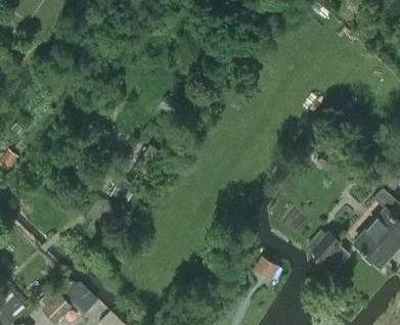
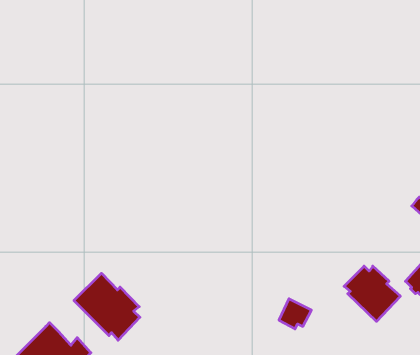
building: none -> [74,273,140,340]

